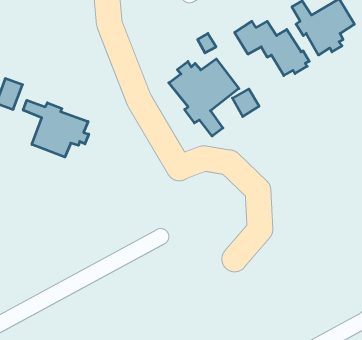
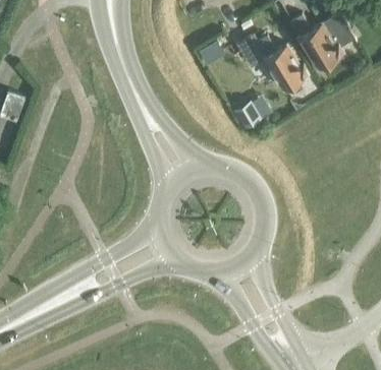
building: [169,59,239,136] -> none
building: [23,100,89,157] -> none

